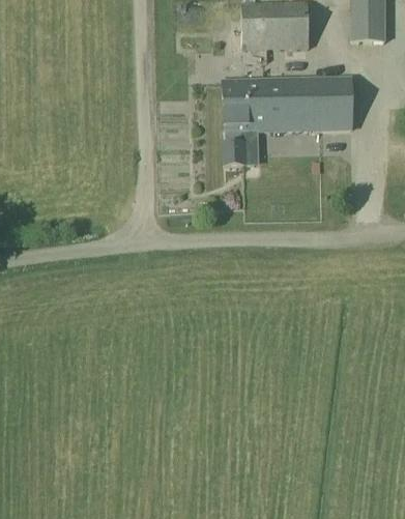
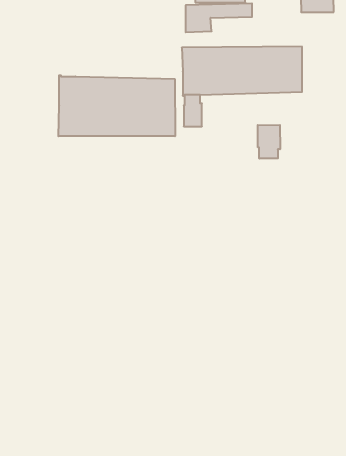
building: none -> [58,75,175,136]
building: none -> [258,125,280,159]

